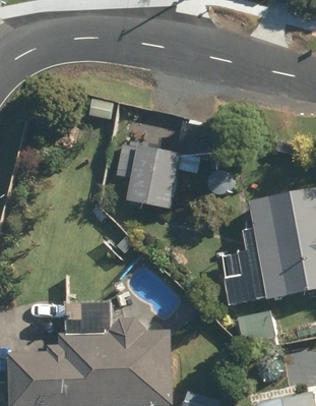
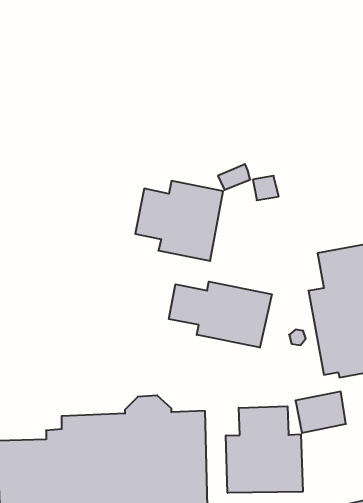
building: none -> [169,282,272,348]
building: none -> [226,406,303,493]

